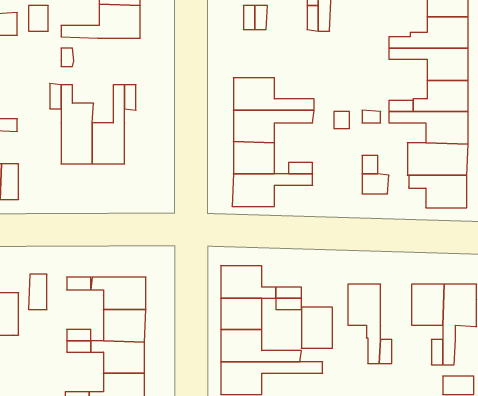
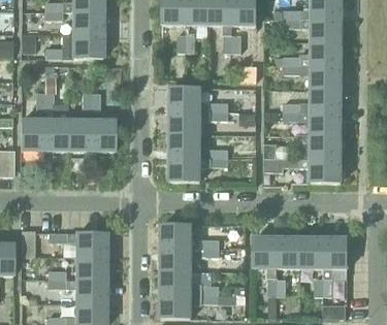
building: none -> [22,120,45,150]
building: none -> [92,120,116,151]
building: [301,307,332,348] -> [279,237,301,267]

